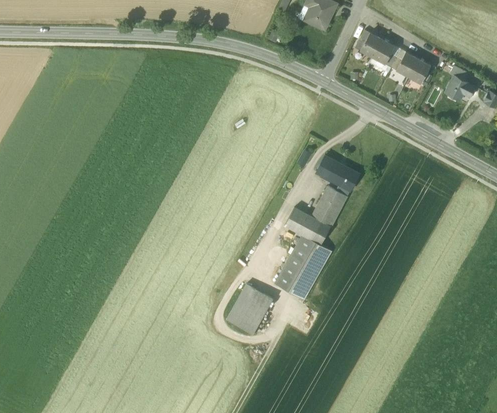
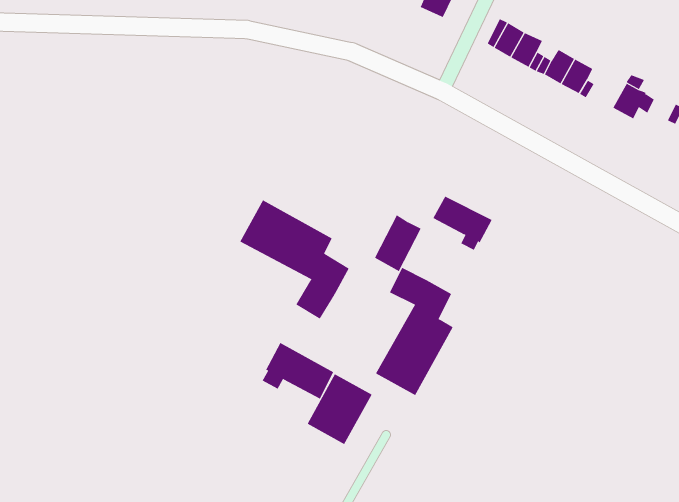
building: none -> [240,200,349,320]
building: [312,185,346,226] -> [374,215,422,272]
building: none -> [262,342,334,399]

